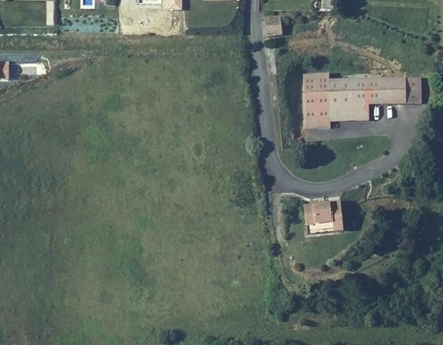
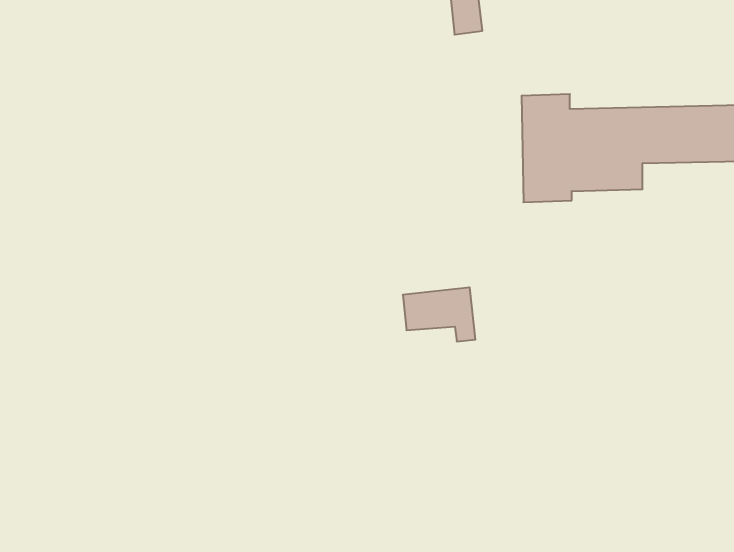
building: [304,199,344,228] -> [403,287,475,341]

